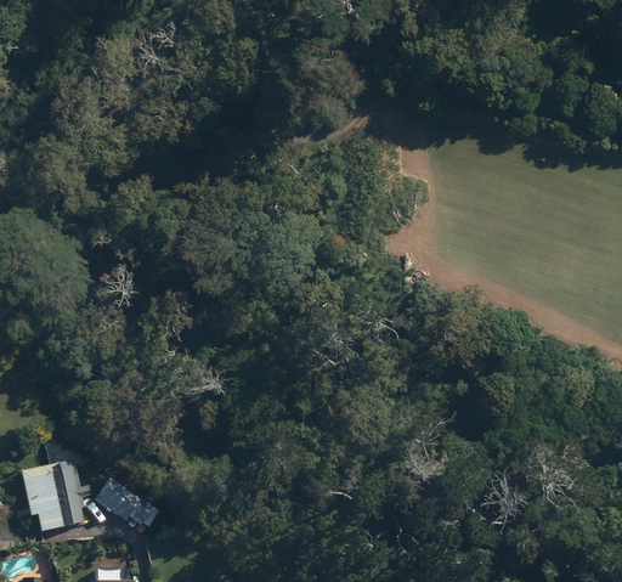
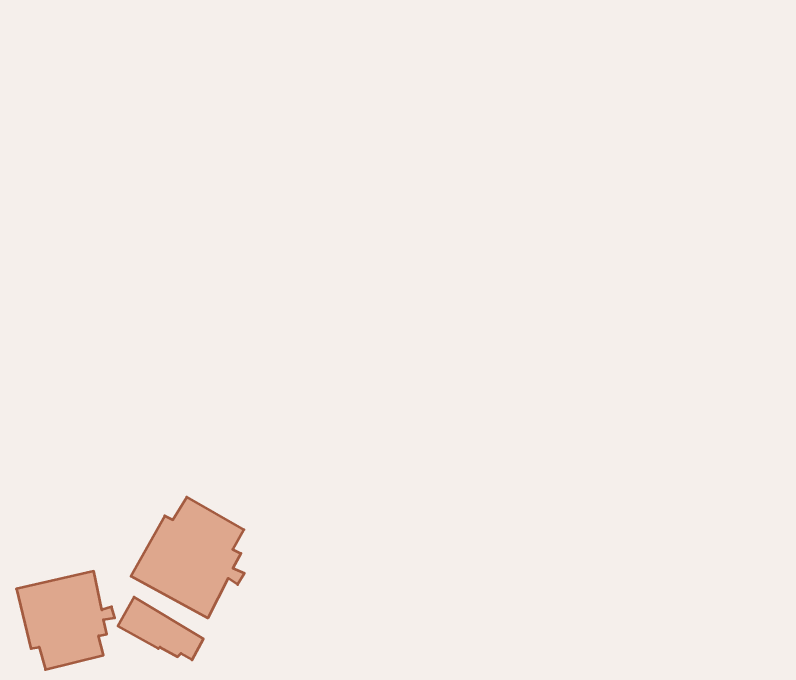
building: none -> [131,497,244,618]

